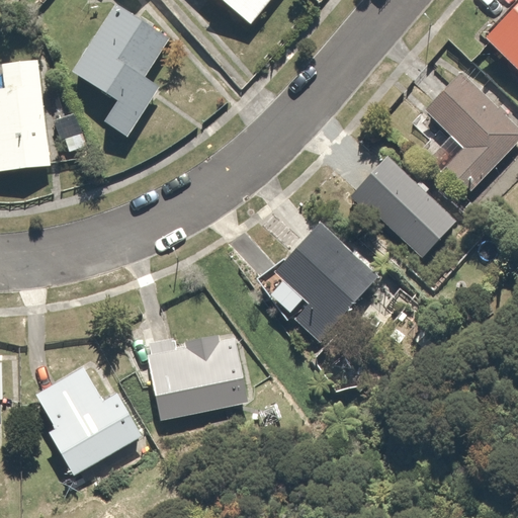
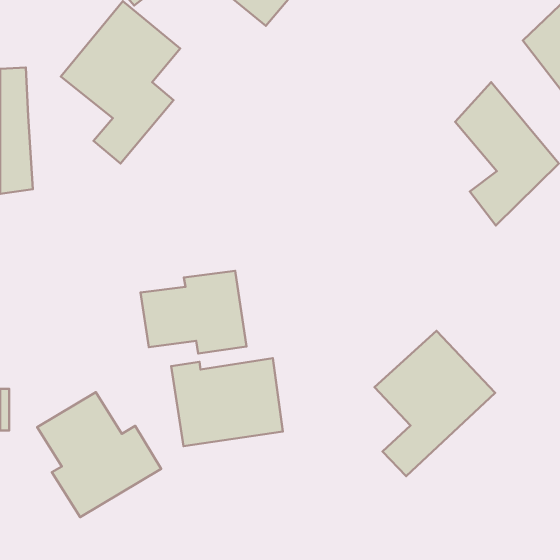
building: [344,156,452,264] -> none
building: [266,224,374,354] -> [375,331,495,476]
building: none -> [141,271,246,353]

